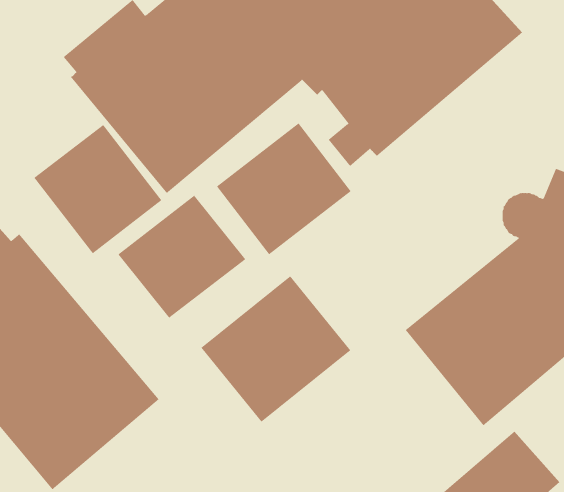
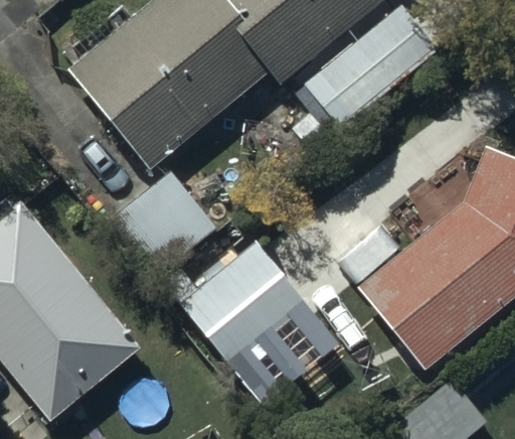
building: [216,123,351,255] -> none
building: [33,124,162,254] -> none

